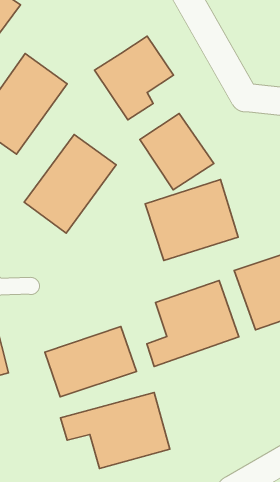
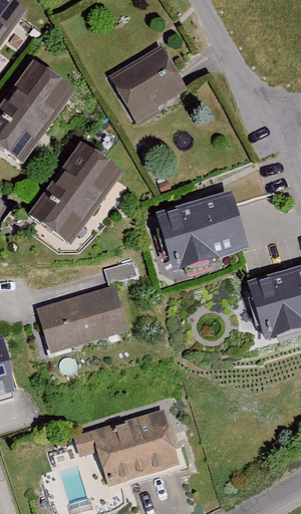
building: [140,114,214,190] -> none
building: [147,281,239,367] -> none
building: [45,327,136,397] -> [36,284,130,356]

